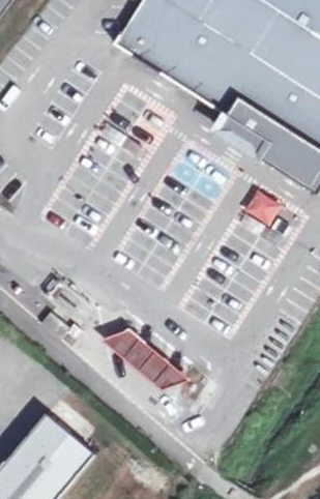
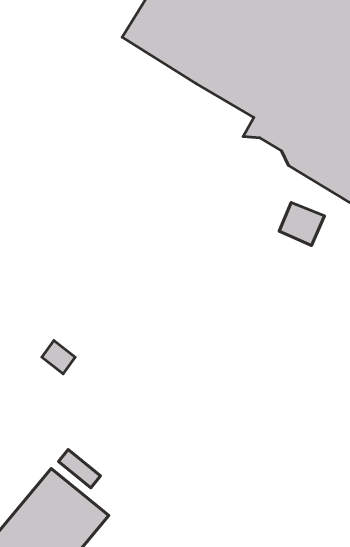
building: [103,321,191,392] -> none

